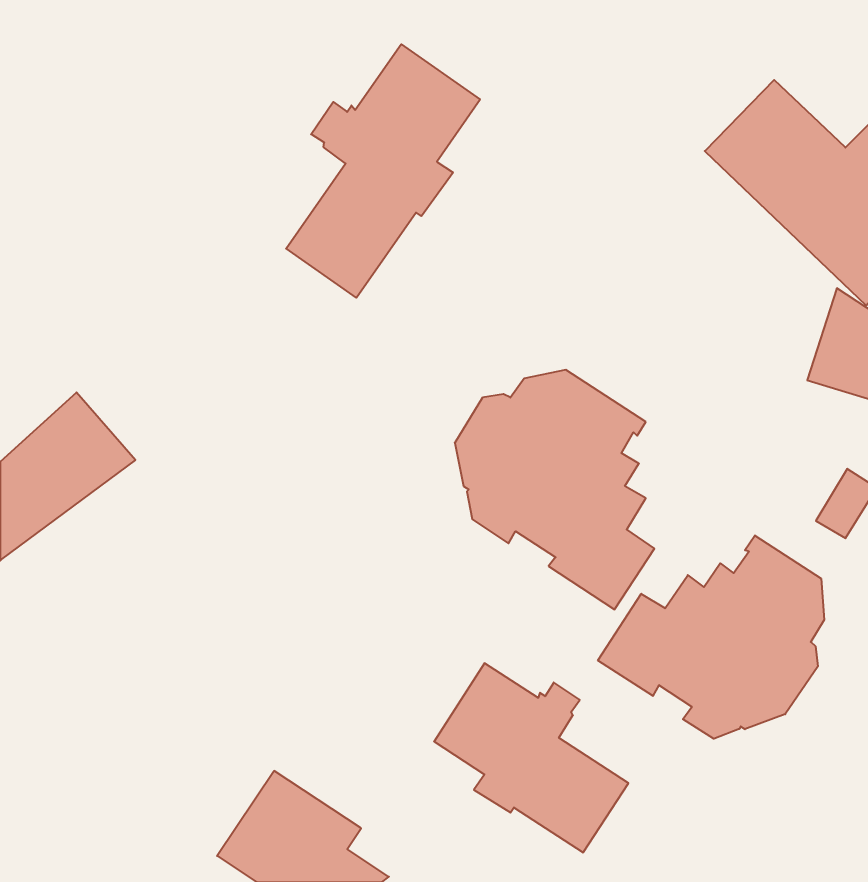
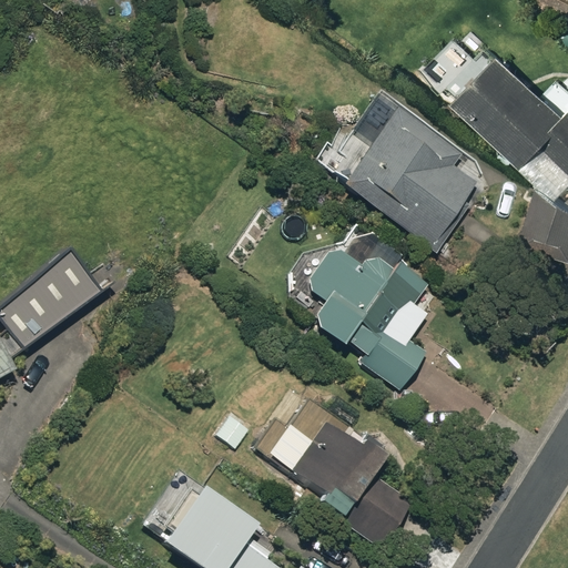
building: [286,44,480,298] -> none
building: none -> [338,106,475,235]
building: [598,535,824,739] -> none

